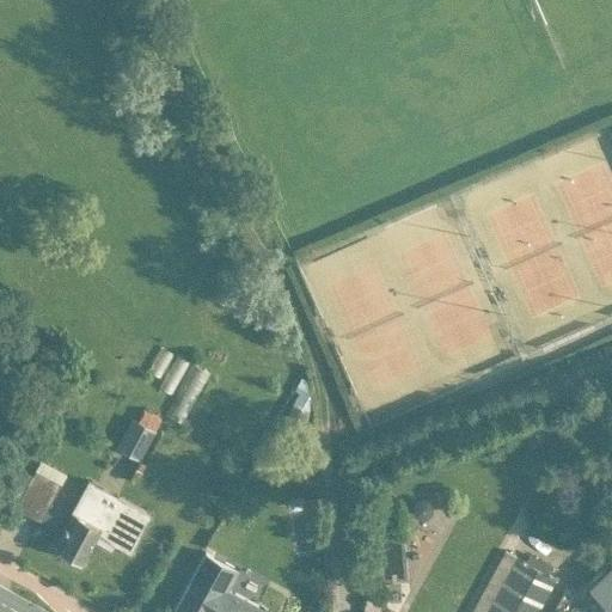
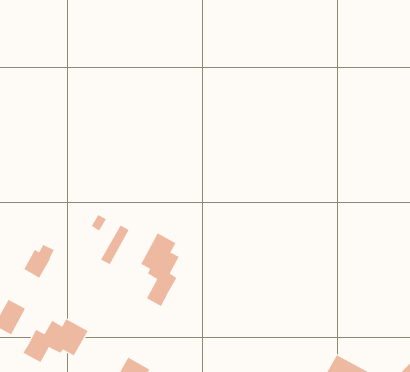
building: none -> [141,233,180,307]
building: [117,412,161,461] -> [24,244,55,278]

